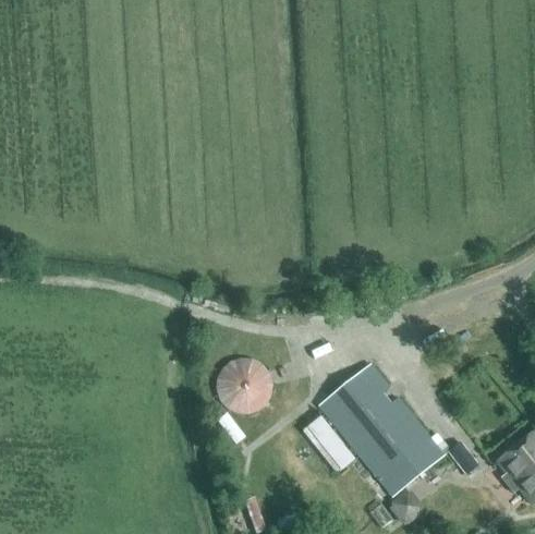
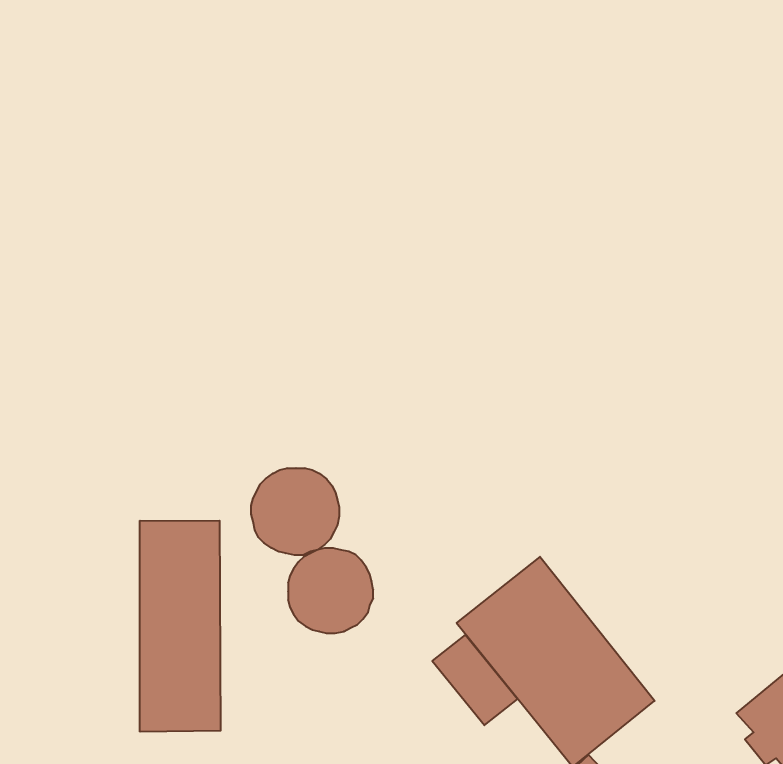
building: none -> [251,468,339,555]
building: none -> [140,521,221,732]

